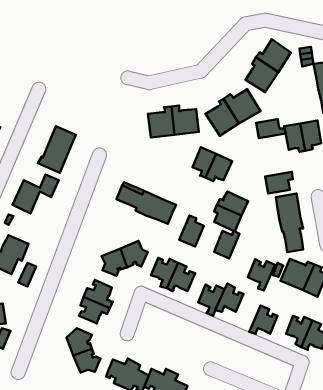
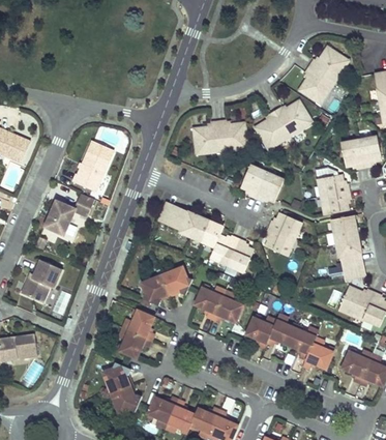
building: [256,119,285,138] -> [318,175,350,196]
building: [214,231,240,258] -> [210,235,238,265]
building: [248,259,275,291] -> [289,324,319,358]

